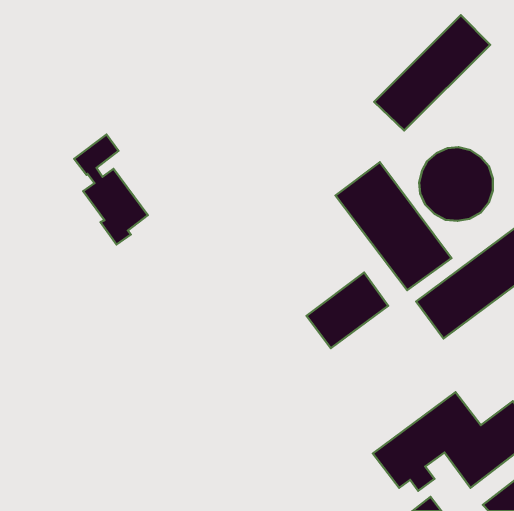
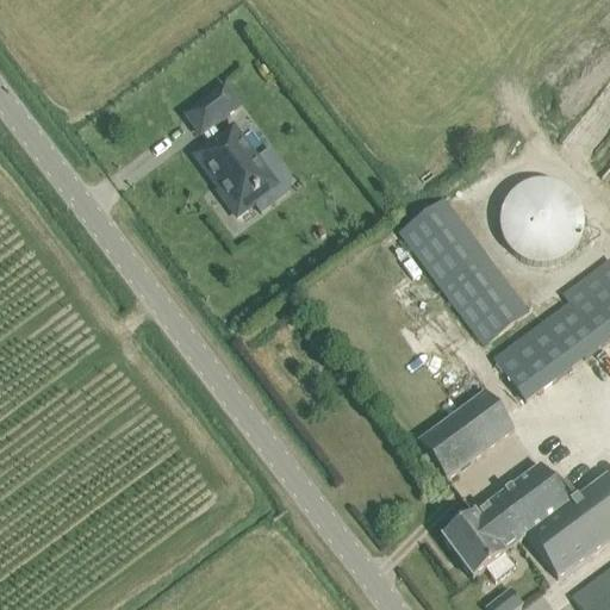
building: [374,15,490,131] -> none
building: [74,135,148,244] -> [187,85,274,214]
building: [307,273,388,348] -> [418,390,515,479]

